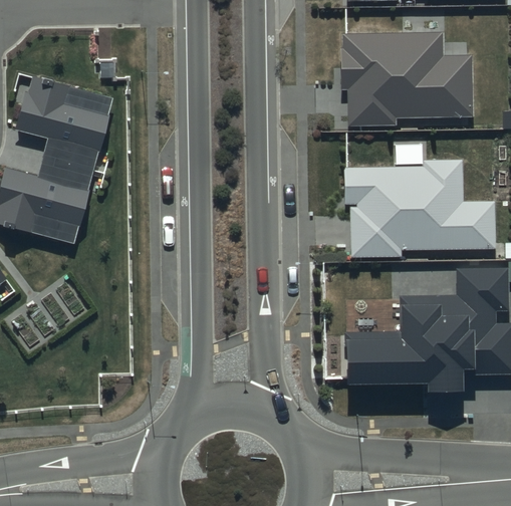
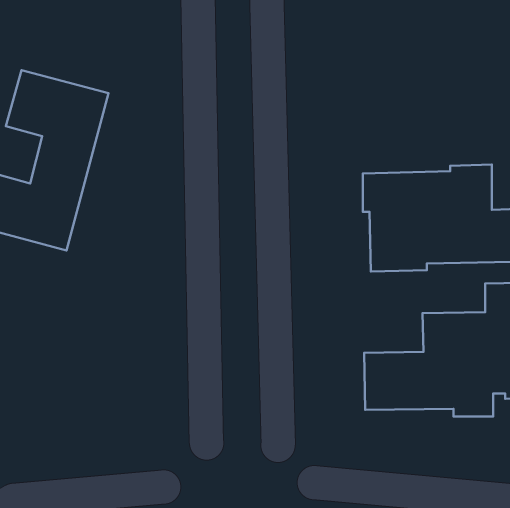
building: [340,31,473,124] -> none

